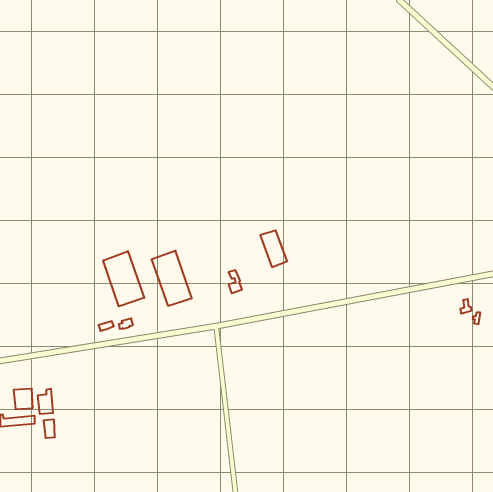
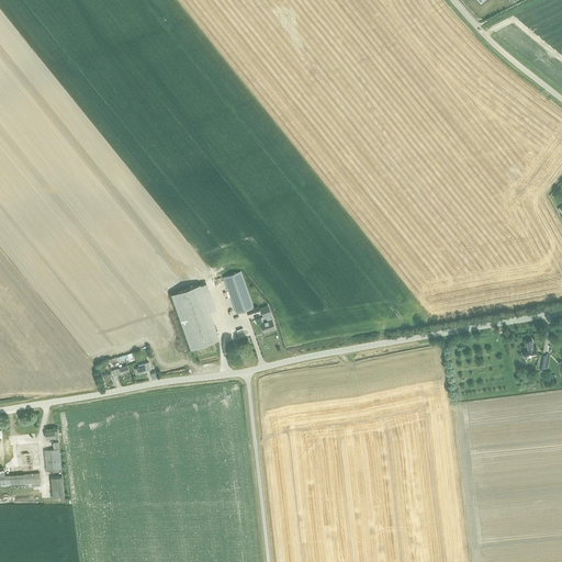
building: [260,230,287,267] -> [223,273,254,315]
building: [103,251,144,306] -> none

